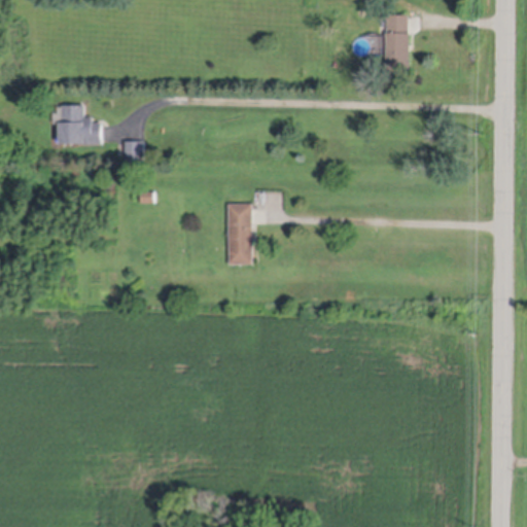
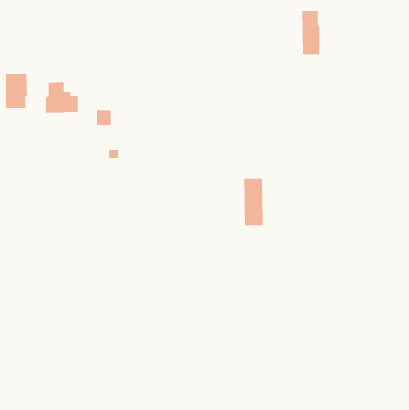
building: none -> [6,73,28,109]
building: [225,203,251,264] -> [243,178,264,226]

